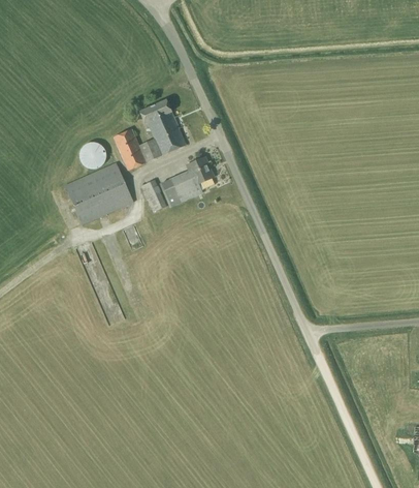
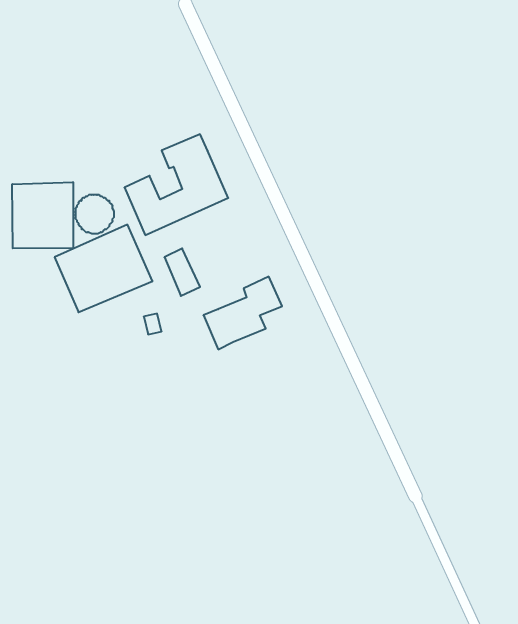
building: none -> [12,182,73,248]
building: [159,156,214,207] -> [203,277,282,349]

